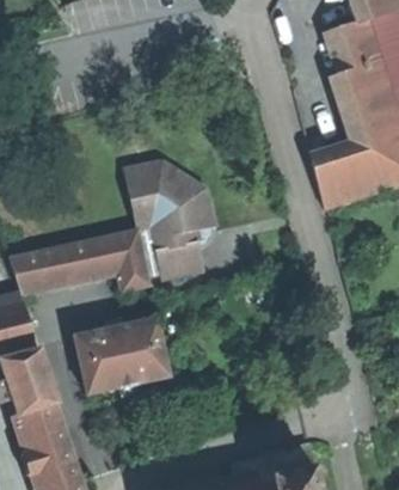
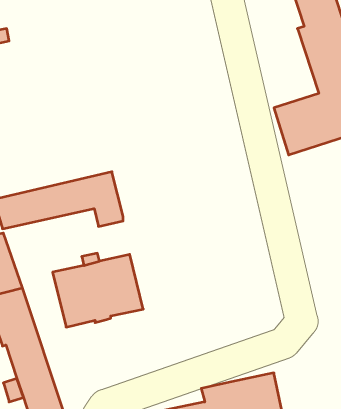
building: [123,158,215,278] -> none

